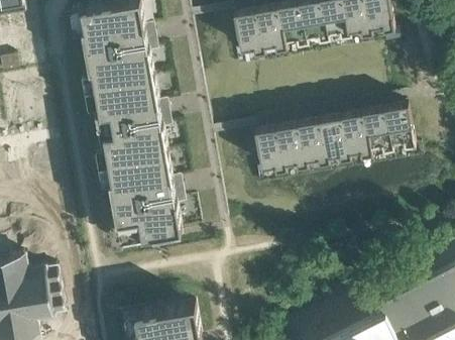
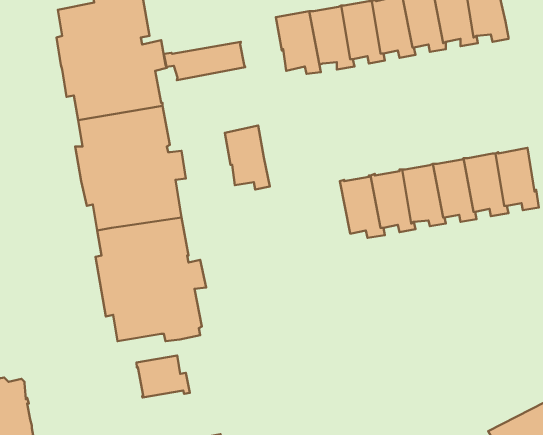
building: none -> [164,42,245,80]
building: [252,128,283,173] -> [225,126,270,190]
building: none -> [136,355,190,398]

